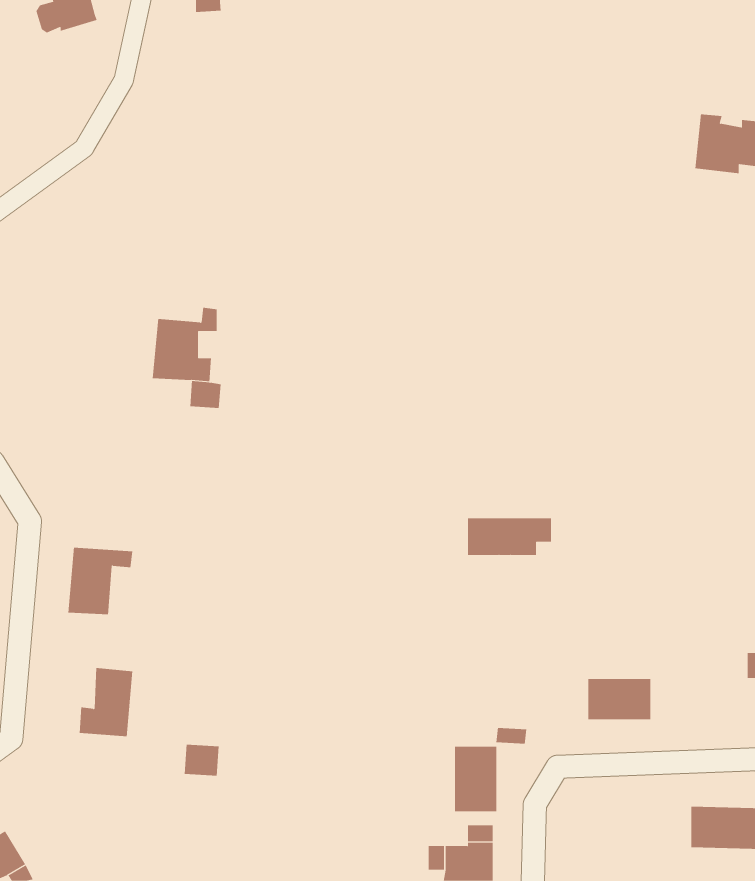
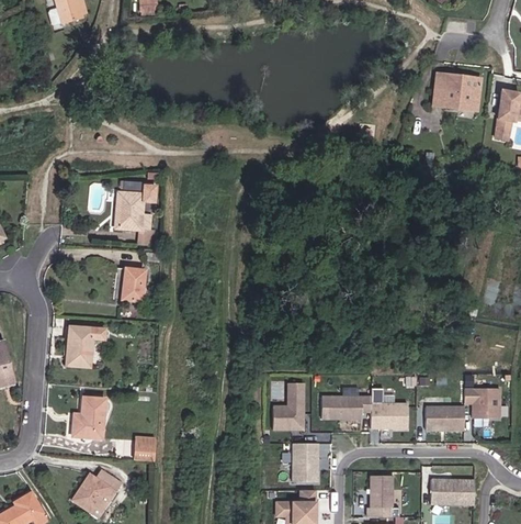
building: none -> [124,268,145,300]
building: [467,518,552,555] -> [321,397,371,419]
building: none -> [274,382,304,428]
building: none -> [426,406,464,430]
building: none -> [72,469,121,516]
building: none -> [370,475,392,508]

